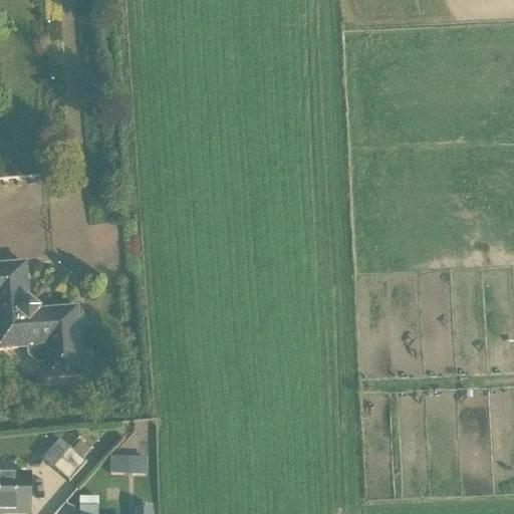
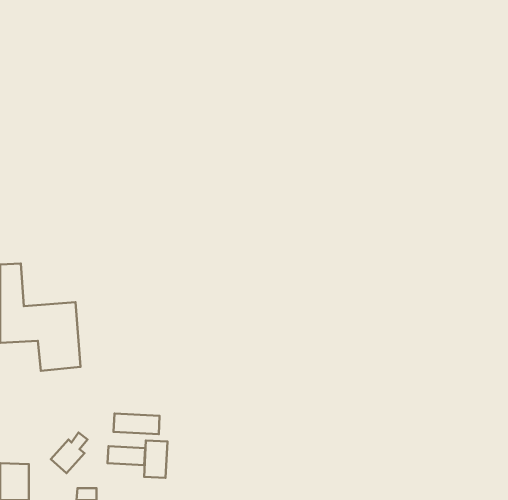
building: none -> [114,413,160,434]
building: none -> [144,441,167,478]

